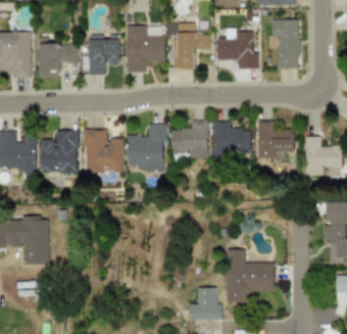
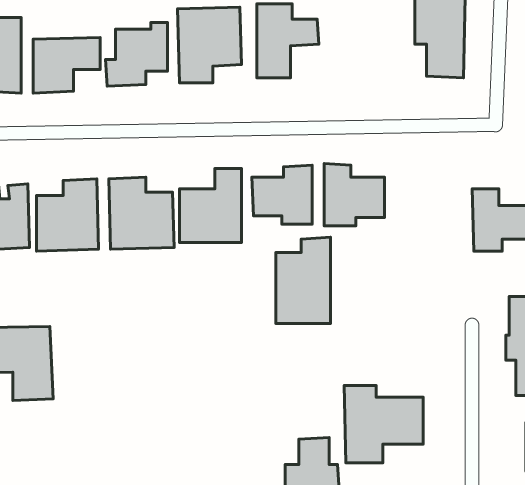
building: [215,31,258,68] -> none
building: [257,121,295,158] -> none
building: none -> [276,237,330,324]

